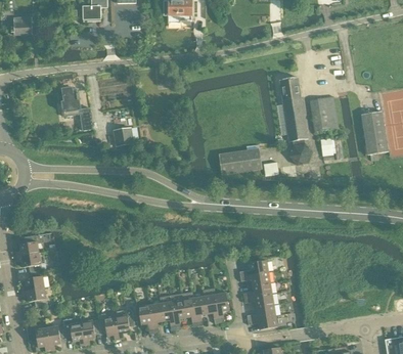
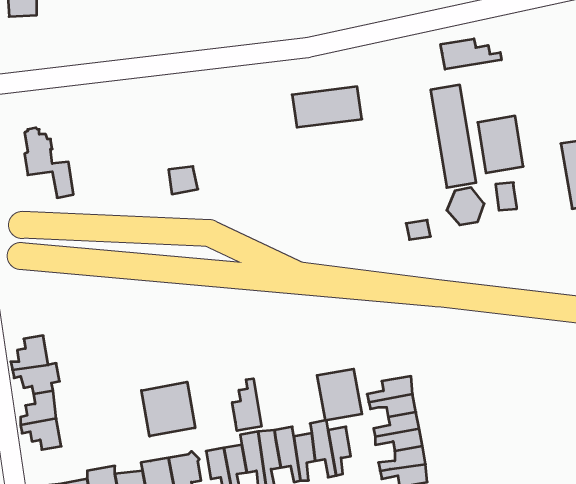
building: none -> [441,39,501,69]
building: [61,86,92,130] -> [25,128,73,198]
building: [218,148,262,174] -> [292,87,362,127]
building: none -> [317,369,362,420]
building: none -> [232,379,261,431]
building: none -> [141,382,195,436]

